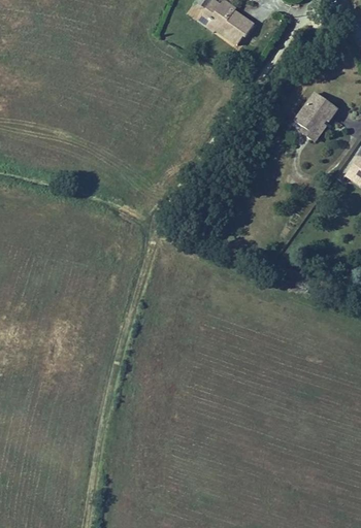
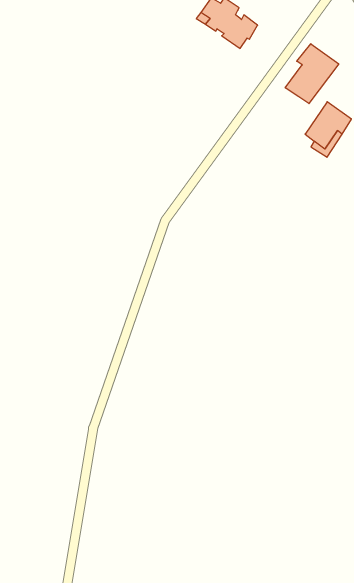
building: none -> [285,44,339,104]

